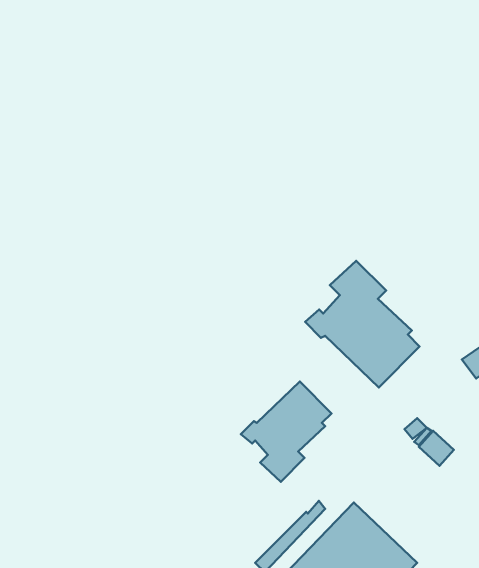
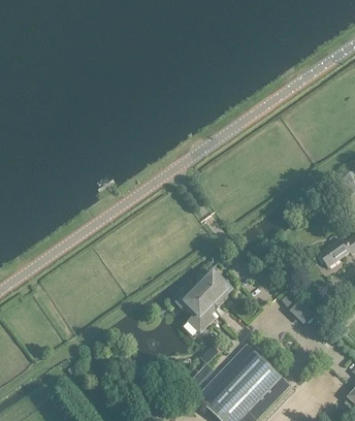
building: [305,261,420,387] -> none

